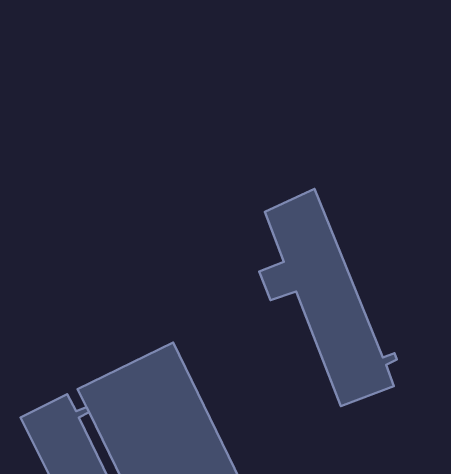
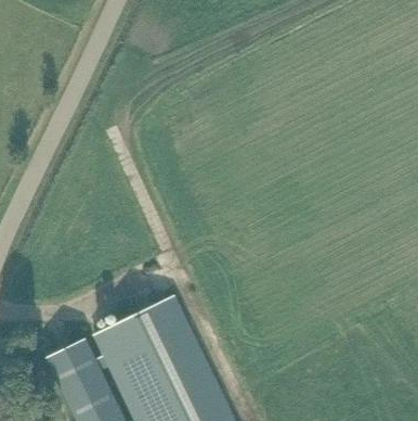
building: [259,189,397,406] -> none

